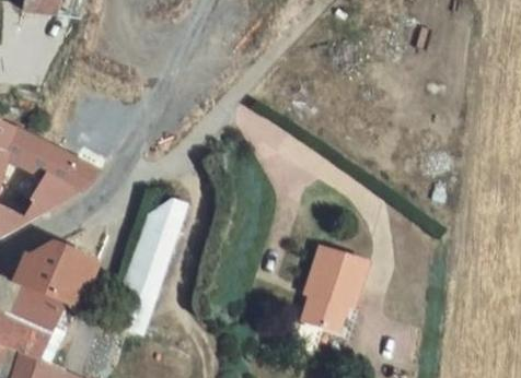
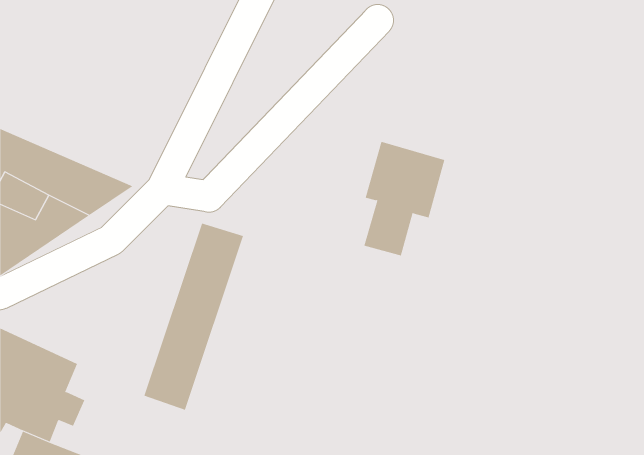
building: [32,235,103,302] -> none
building: [299,245,360,331] -> [363,141,445,256]

